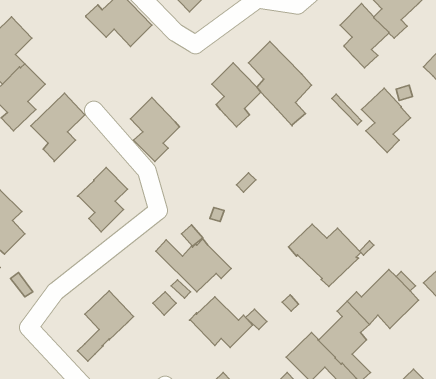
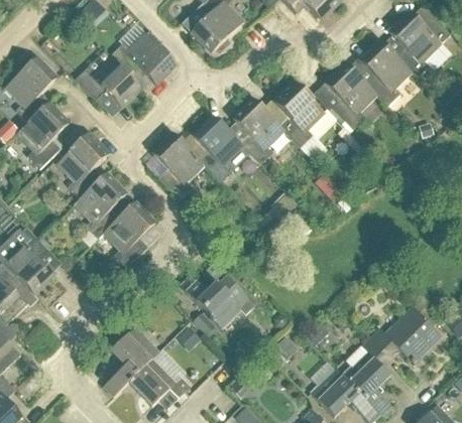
building: none -> [75,49,141,108]
building: none -> [196,118,249,181]
building: [362,88,410,152] -> [328,65,376,129]
building: none -> [74,175,123,239]
building: [289,224,361,287] -> none
building: [190,297,253,348] -> [127,358,190,408]

